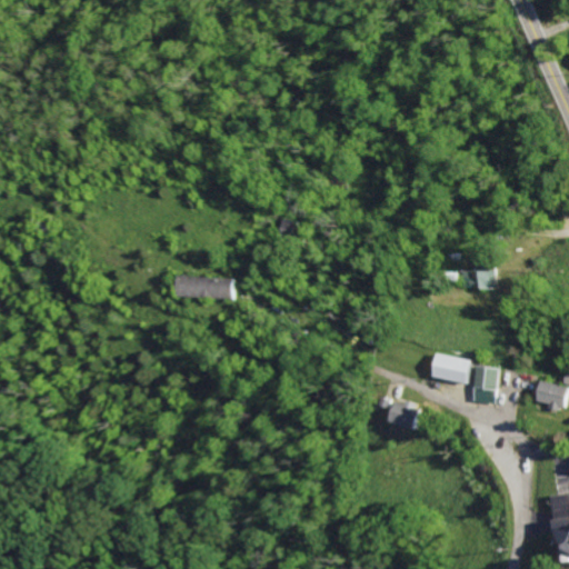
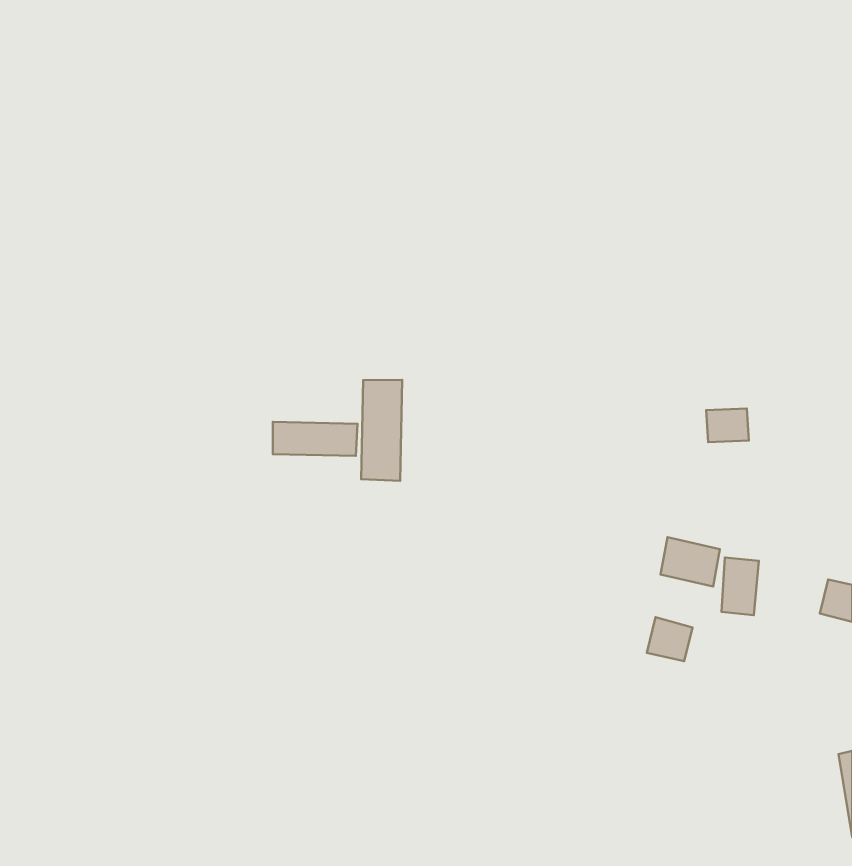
building: none -> [361,380,402,481]
building: [387,399,417,428] -> [647,617,693,661]

